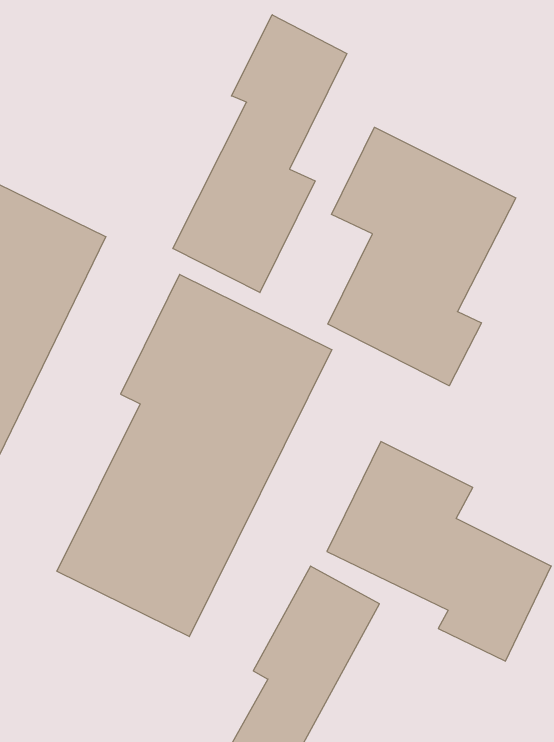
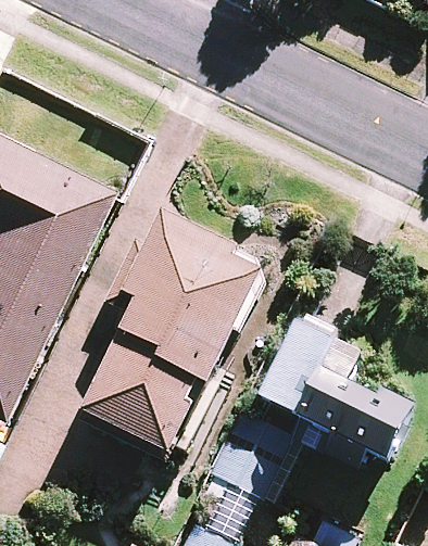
building: [173,15,347,293] -> none
building: [328,127,516,386] -> none

